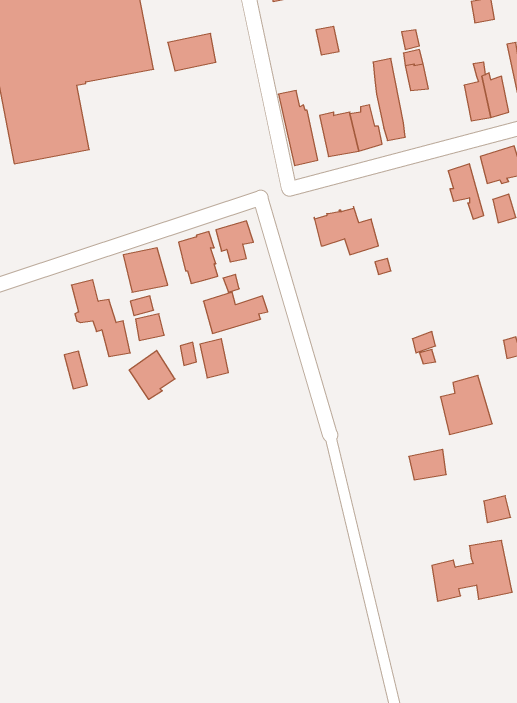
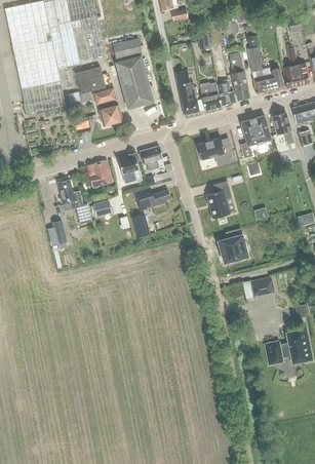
building: none -> [115,56,153,108]
building: none -> [76,66,121,124]
building: none -> [252,68,284,95]
building: none -> [240,116,271,158]
building: none -> [204,181,230,220]
building: [129,350,175,399] -> none
building: [440,375,492,434] -> [218,229,247,263]

